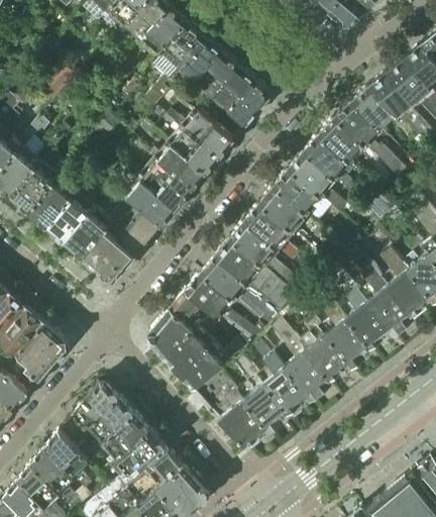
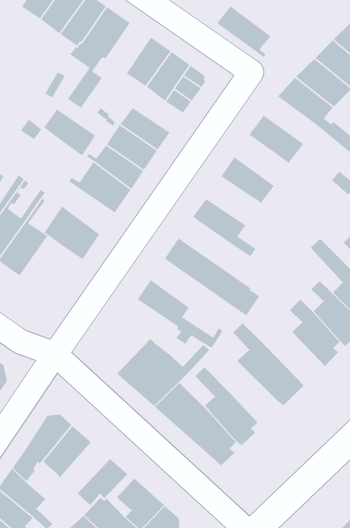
building: [180,38,223,84] -> none
building: [318,118,366,169] -> [217,6,271,58]
building: [288,150,353,220] -> none
building: [127,182,175,227] -> [43,108,96,156]
building: [258,186,313,232] -> none
building: [230,220,299,290] -> none
building: [83,224,141,281] -> none
building: [201,255,285,329] -> none
building: [149,290,221,355] -> none
building: [292,304,347,383] -> none
building: [250,339,306,416] -> none
building: [101,415,148,466] -> none

